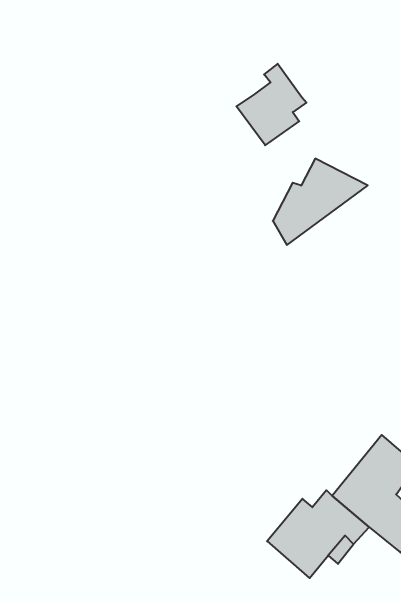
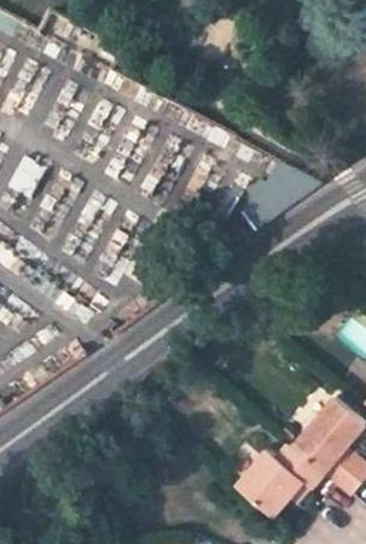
building: [236,64,306,145] -> none

